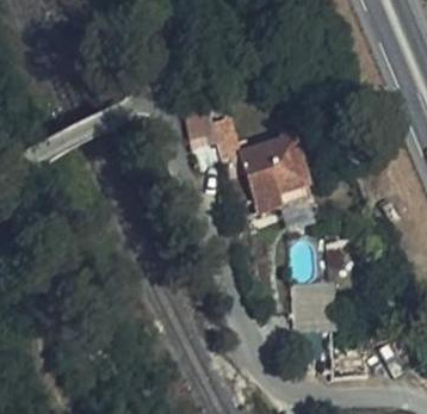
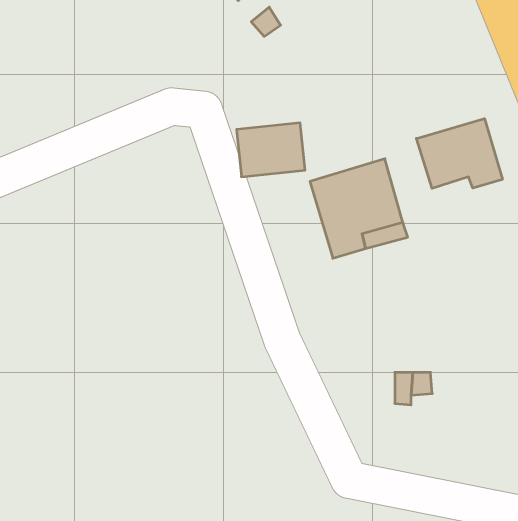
building: none -> [416,119,502,188]

